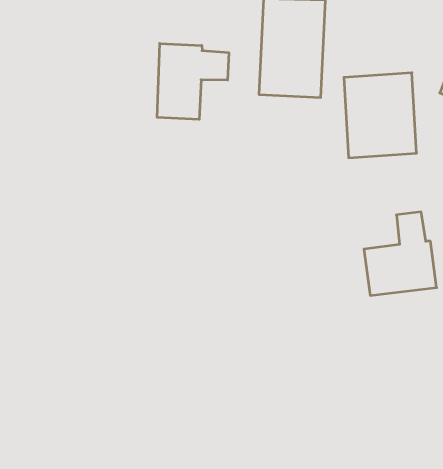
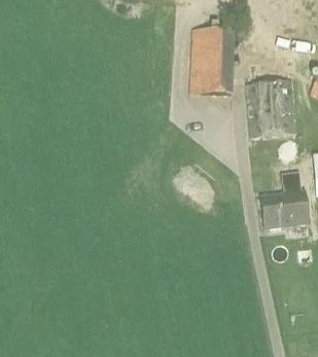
building: [157,43,229,119] -> none

